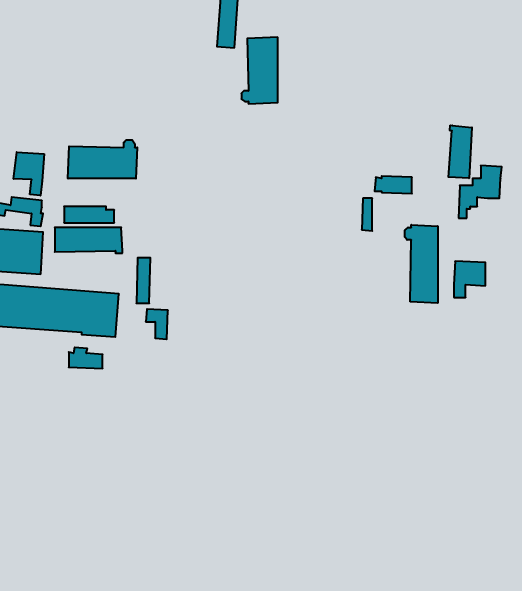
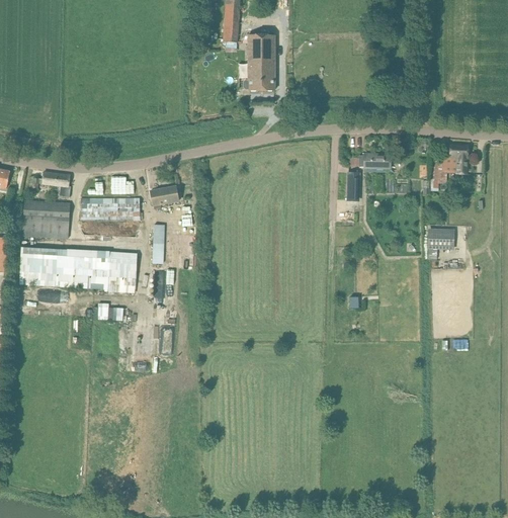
building: [448,125,472,178] -> none
building: [68,140,137,179] -> none
building: [14,152,44,196] -> none
building: none -> [151,185,178,208]
building: [405,225,438,303] -> none

